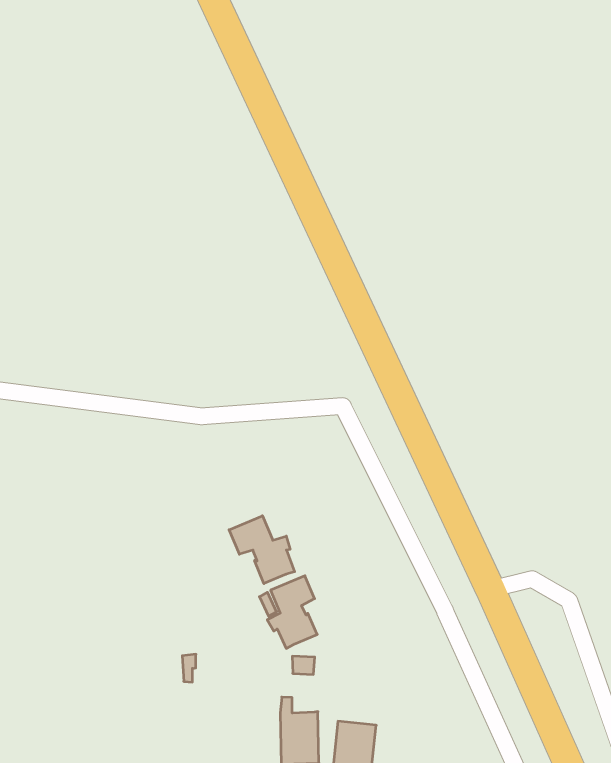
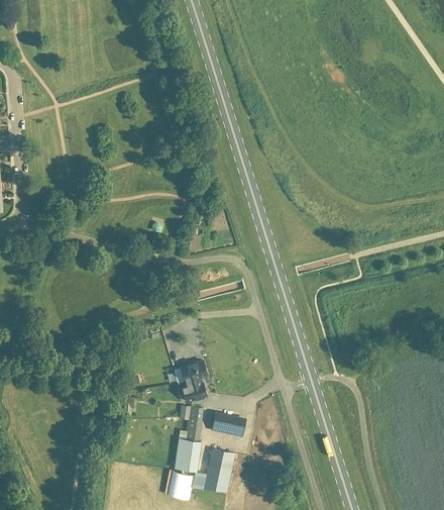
building: [229,516,295,584] -> none
building: none -> [210,414,244,437]

